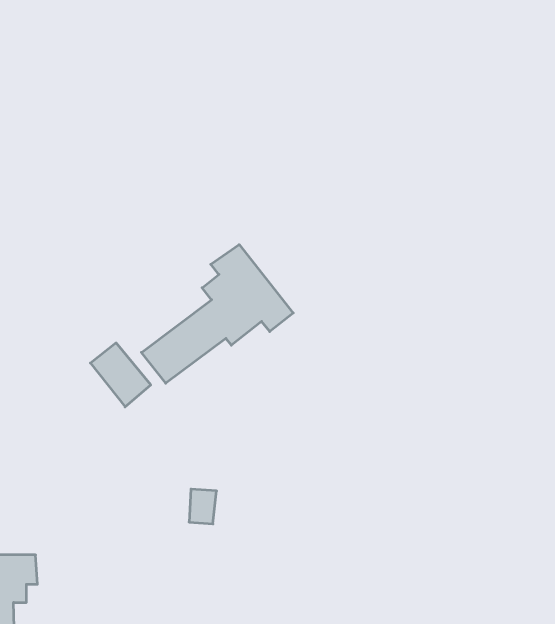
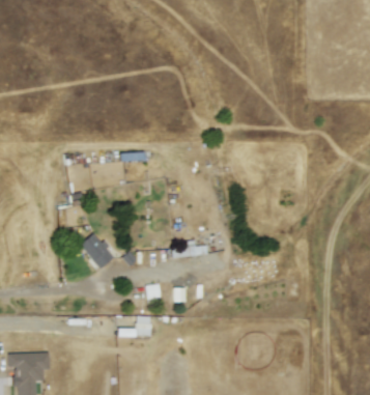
building: [141,245,293,383] -> none

